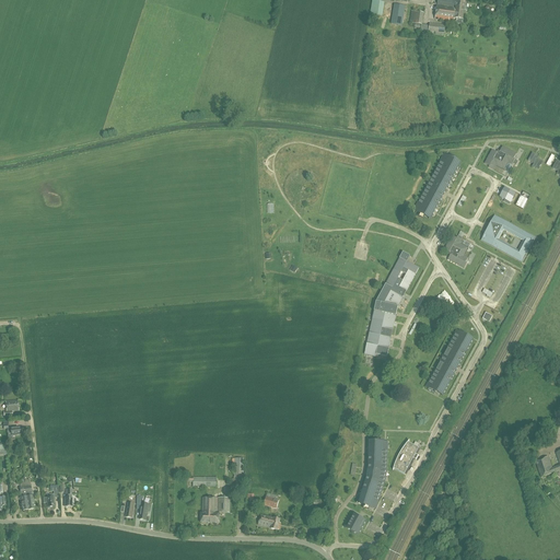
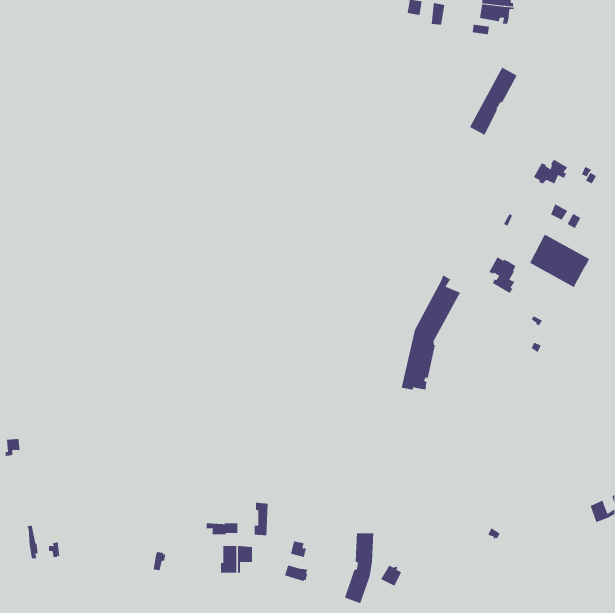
building: [417,154,460,217] -> [469,67,517,136]
building: [427,328,472,393] -> none
building: [393,440,419,472] -> none
building: [358,441,385,505] -> [344,533,374,604]

